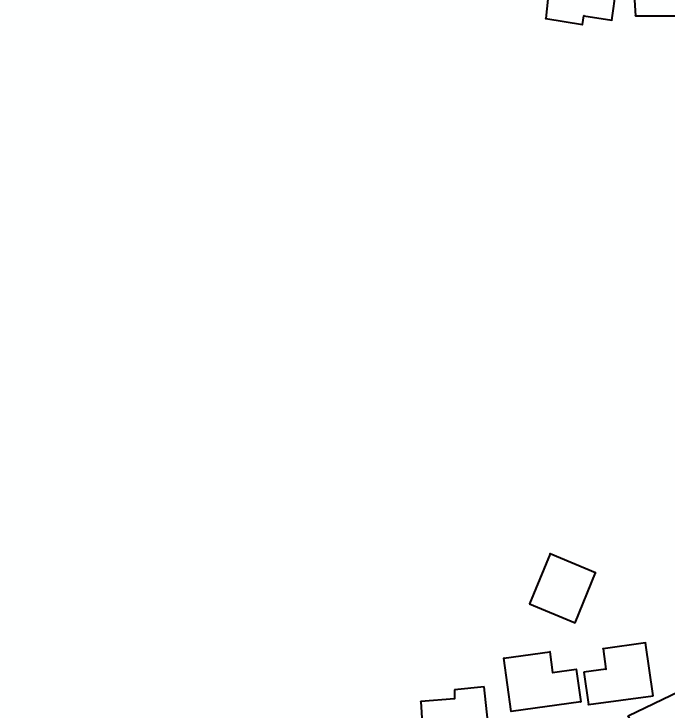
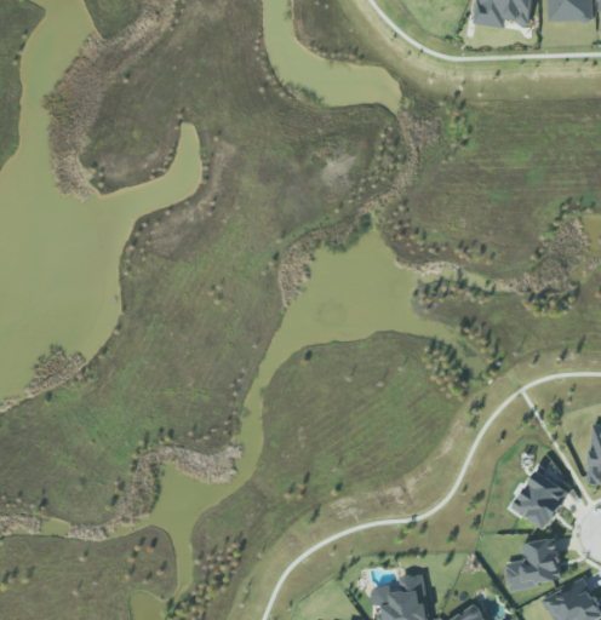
building: [530,554,596,623] -> [513,472,567,529]
building: [504,652,581,711] -> none

